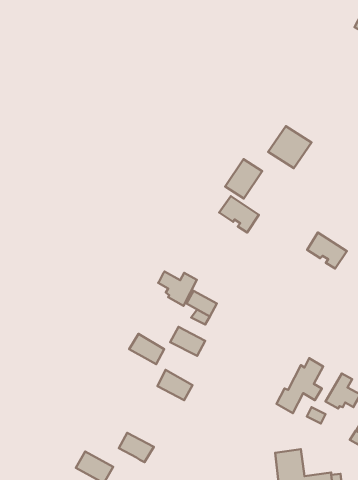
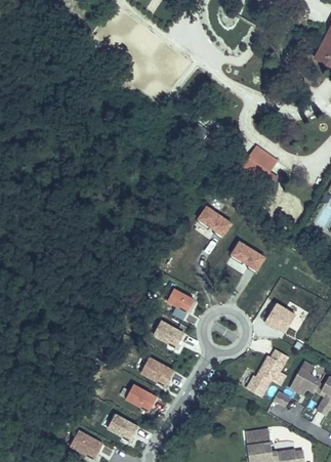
building: [225,159,262,199] -> none
building: [307,232,347,269] -> [231,241,265,272]
building: [158,272,197,306] -> none
building: none -> [265,302,296,331]
building: [129,334,164,364] -> [126,384,157,411]

